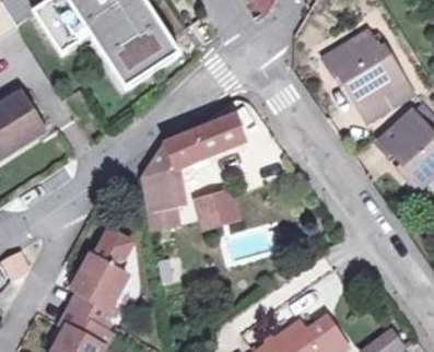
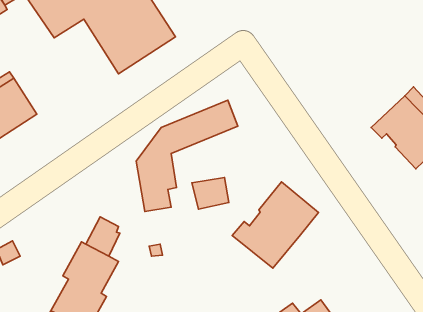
building: [322,28,409,119] -> none
building: none -> [232,182,318,268]

